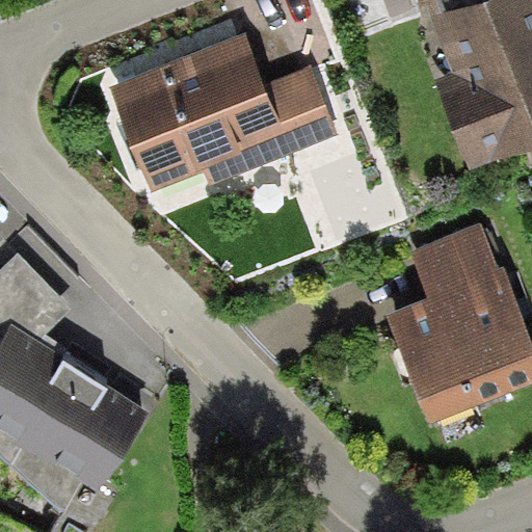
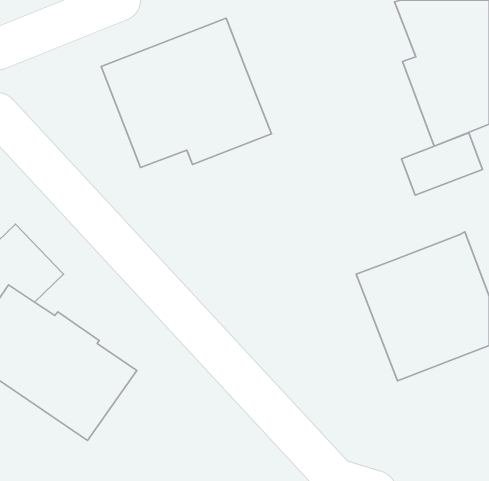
building: [265,68,337,156] -> none
building: [408,225,496,293] -> [402,133,482,195]

